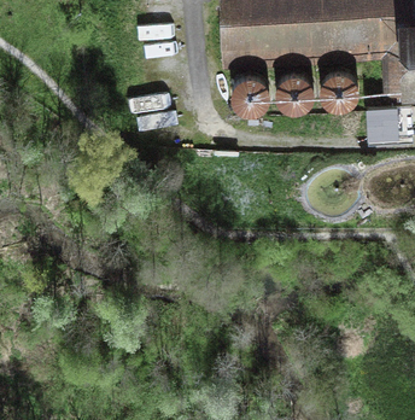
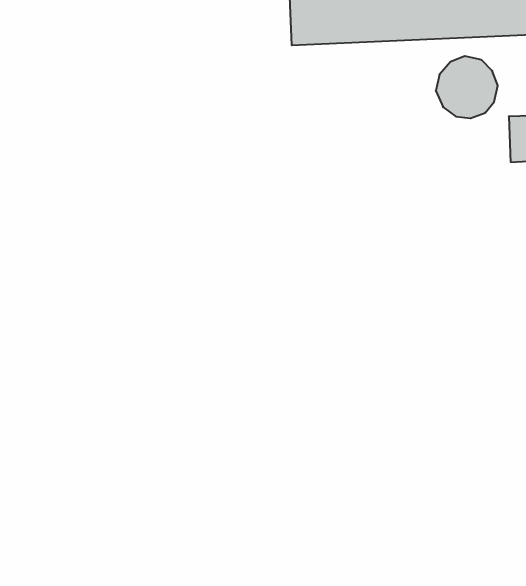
building: [274,71,315,111] -> none
building: [229,74,269,113] -> none

